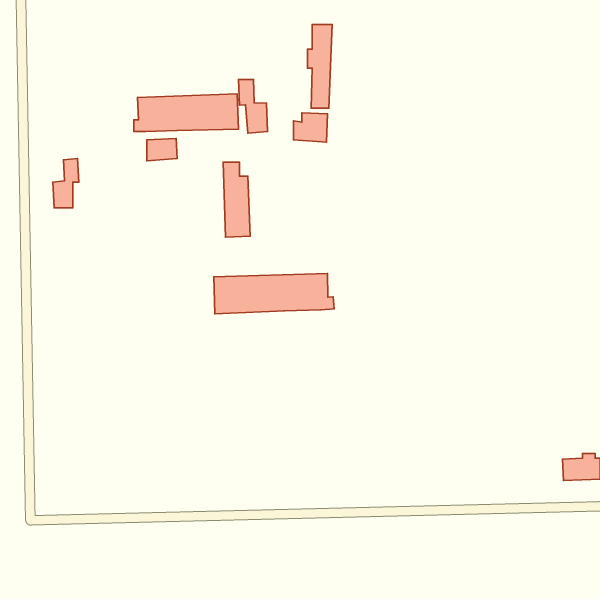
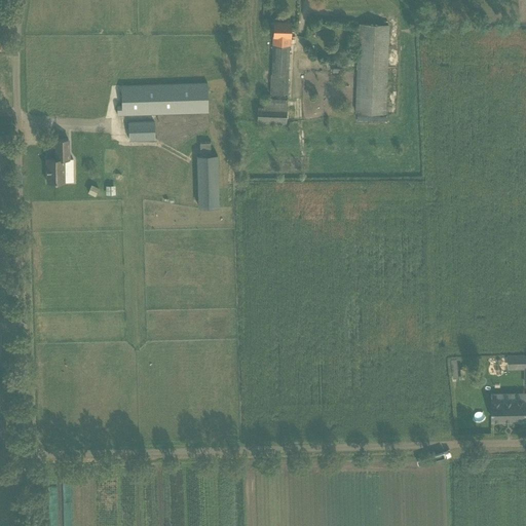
building: none -> [354,25,389,115]
building: [239,80,268,133] -> none
building: [214,274,334,314] -> none

